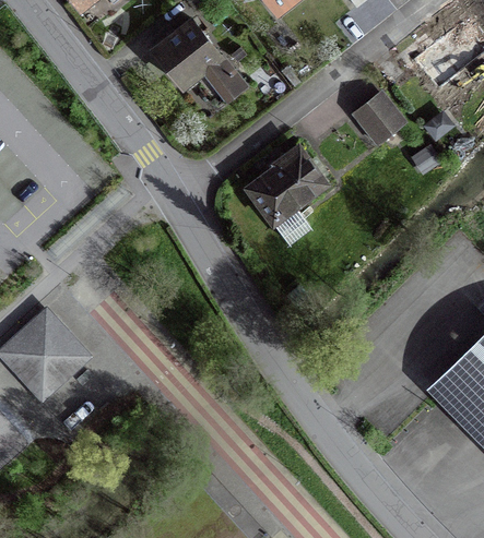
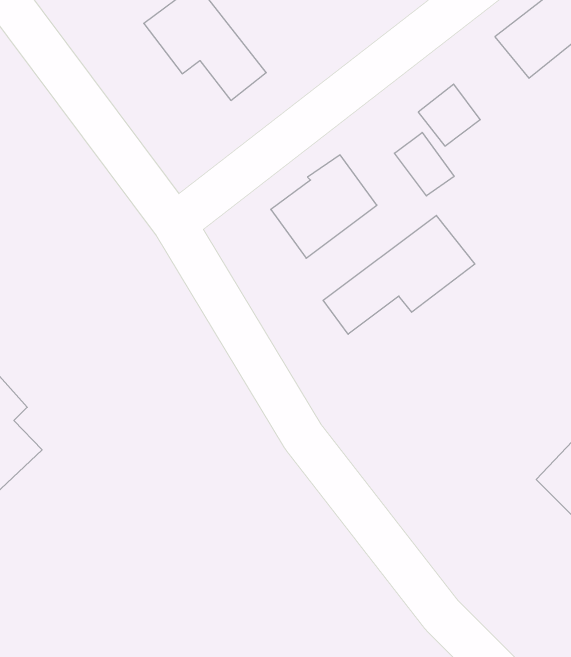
building: none -> [394,132,454,196]
building: none -> [323,215,475,334]

